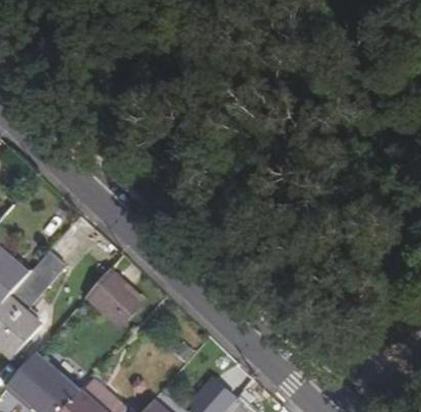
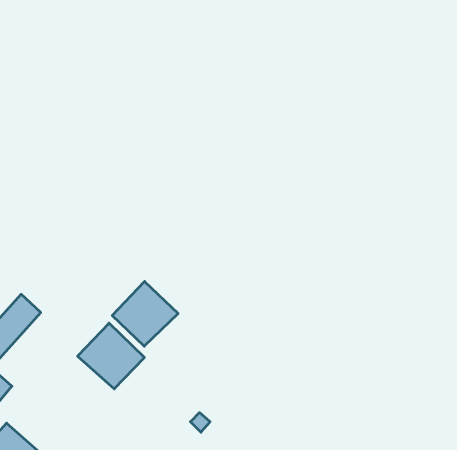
building: none -> [112,281,178,346]

